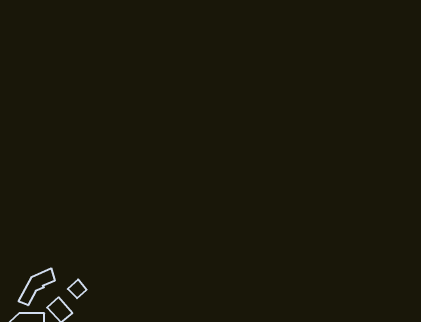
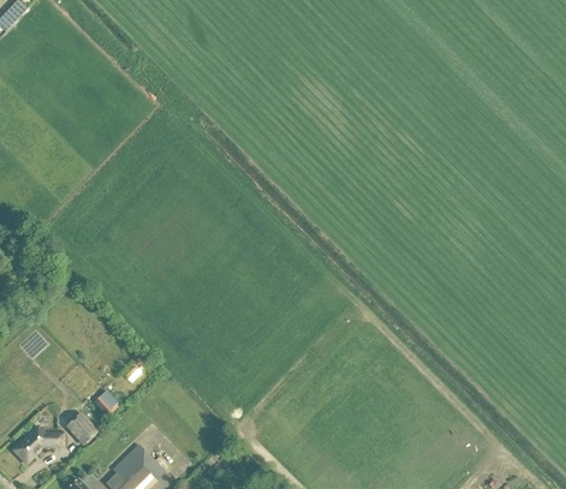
building: [19,268,55,305] -> none

